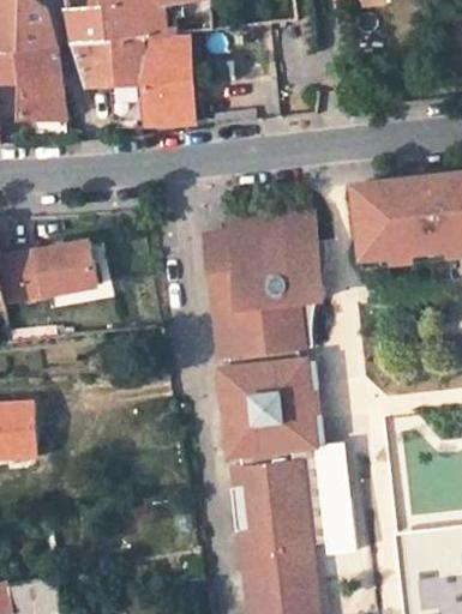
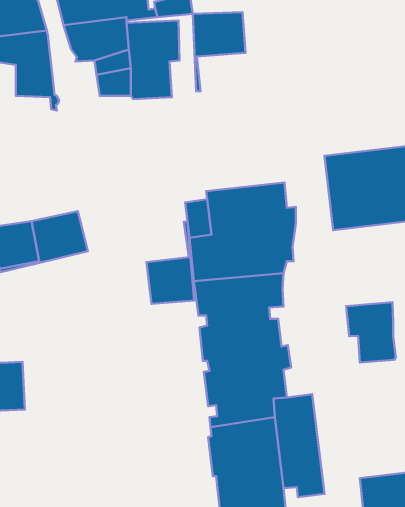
building: none -> [193,12,246,91]
building: none -> [147,222,194,304]
building: none -> [346,302,396,362]

